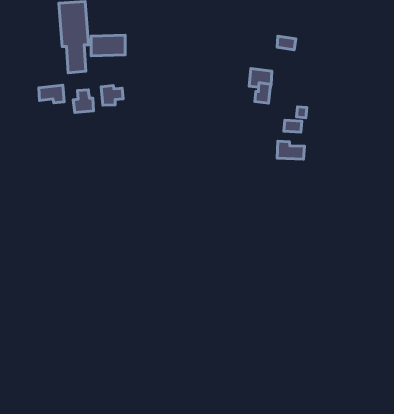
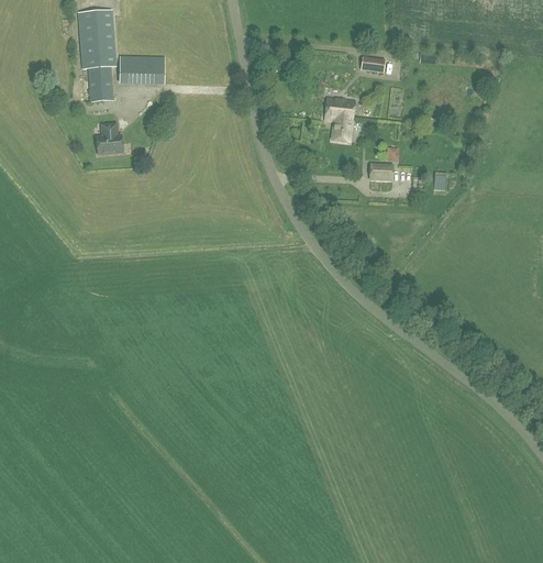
building: [39,85,64,103] -> none
building: [101,85,123,105] -> none
building: [277,141,305,159] -> none

